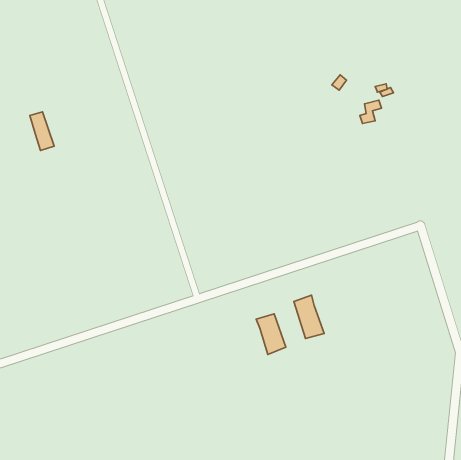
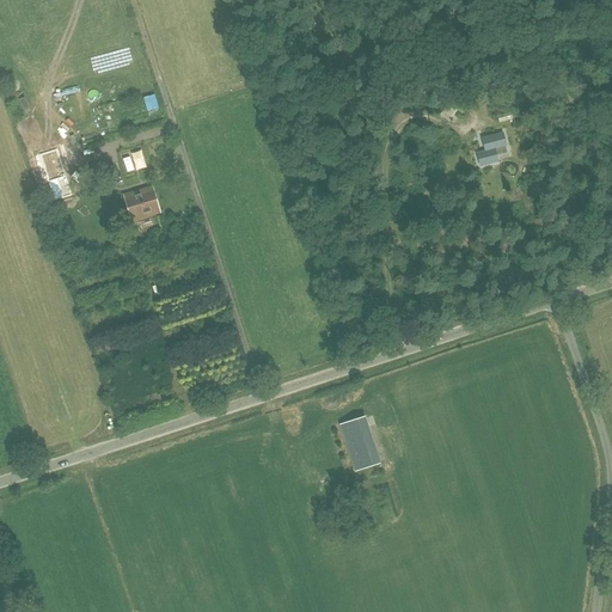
building: none -> [124,186,159,220]
building: [294,295,324,339] -> none

